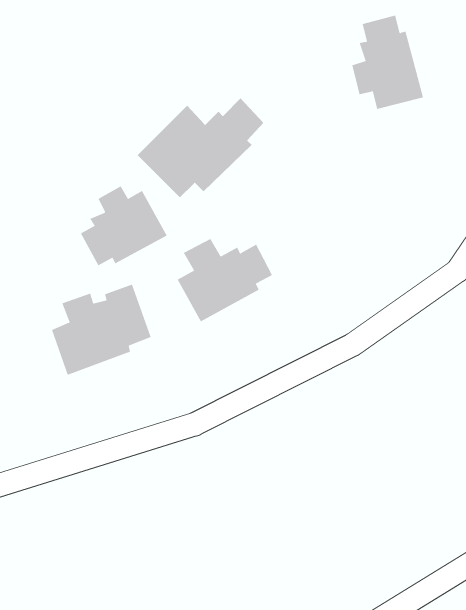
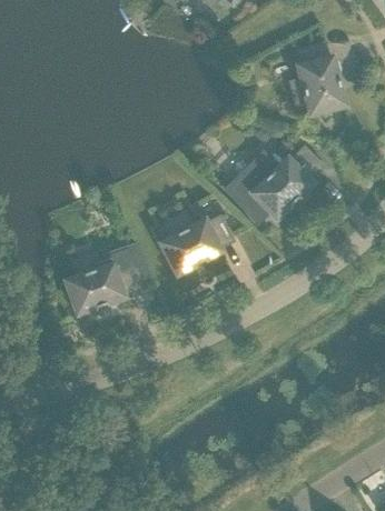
building: [137,98,264,198] -> [225,148,320,223]
building: [80,185,168,266] -> none

